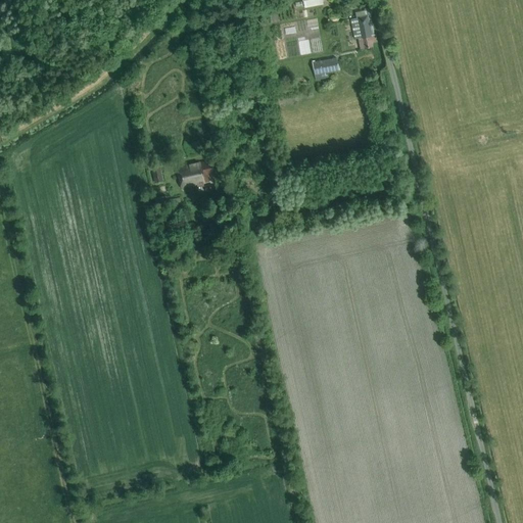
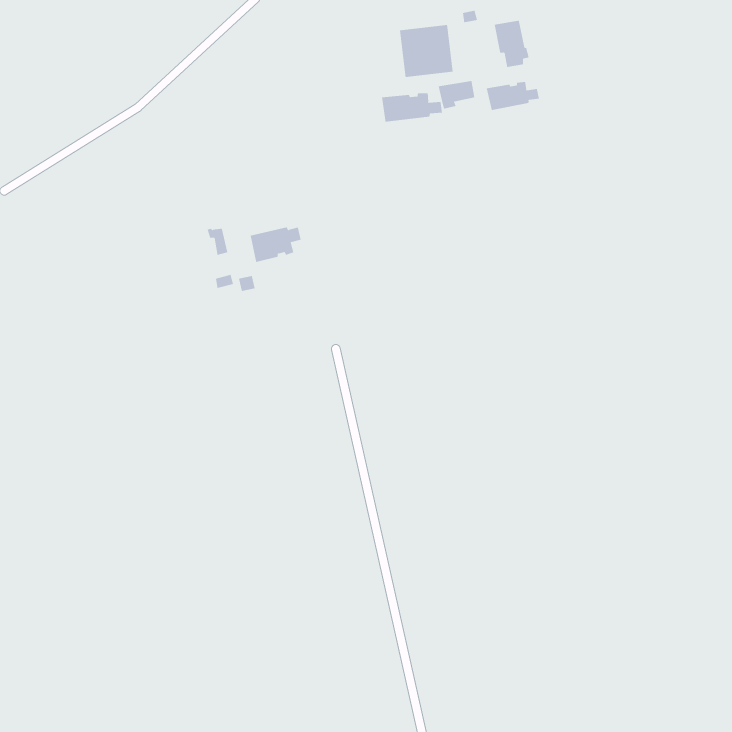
building: none -> [486,81,539,111]
building: none -> [382,92,442,122]

